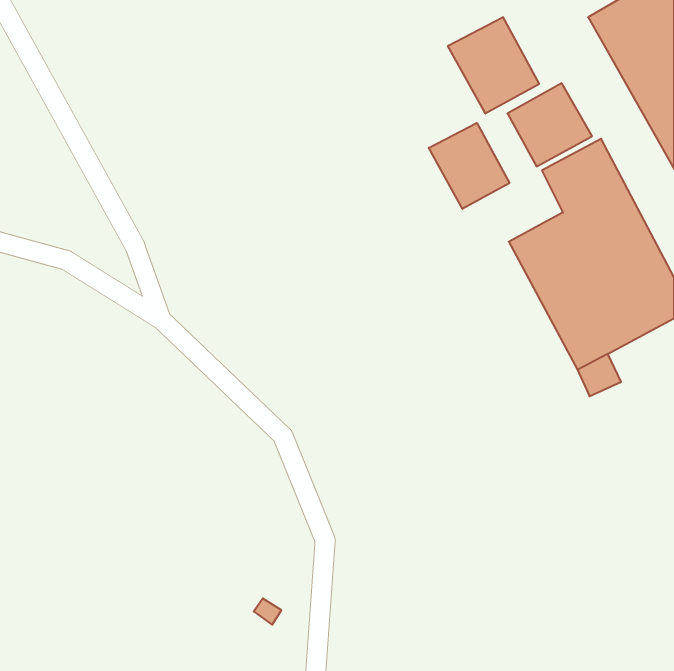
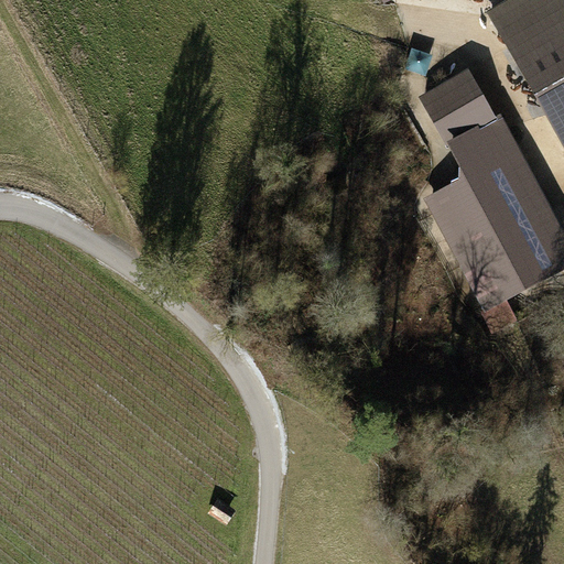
building: [448,17,539,114] -> none
building: [429,123,509,209] -> none

